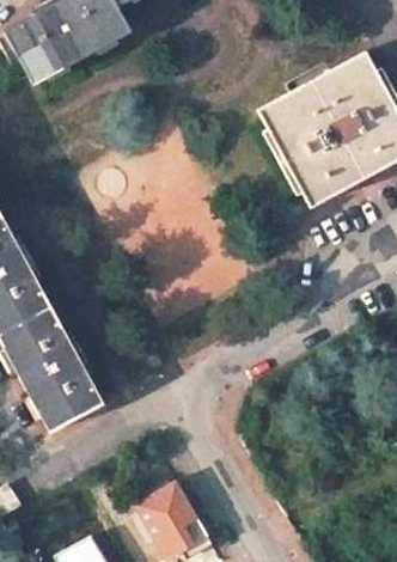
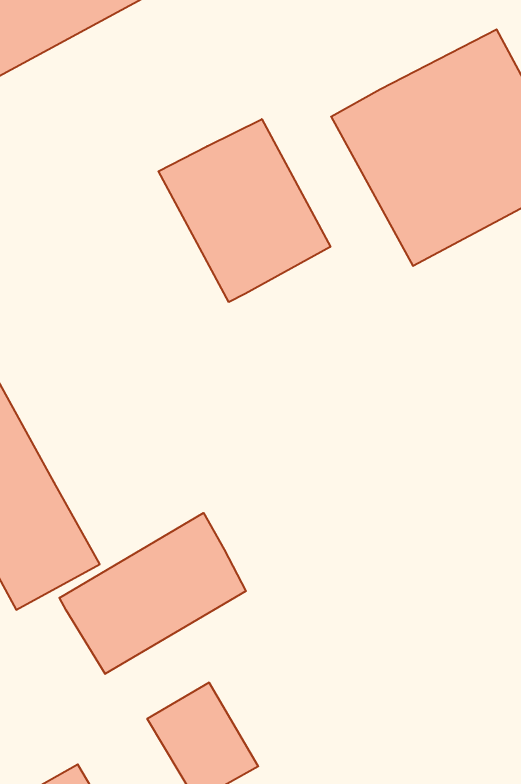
building: none -> [158,119,330,302]
building: none -> [59,513,246,674]

